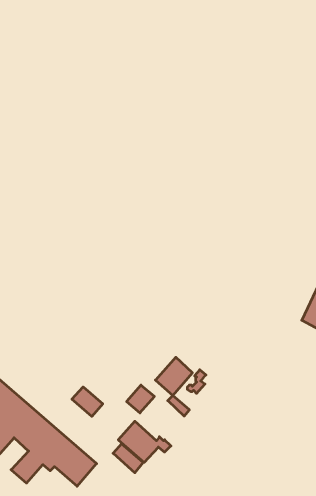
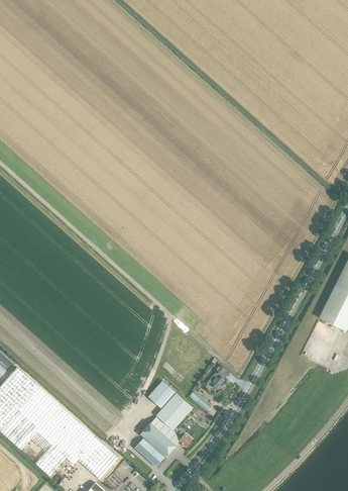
building: [155,357,192,395] -> [156,392,193,429]
building: [72,387,103,416] -> none

